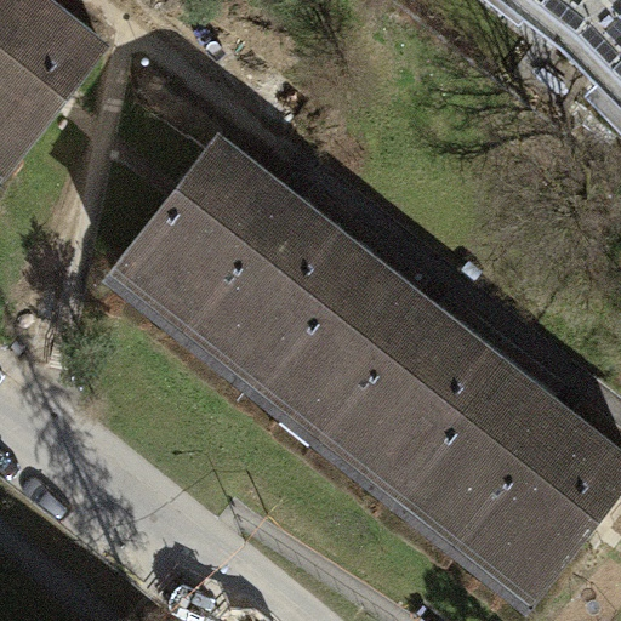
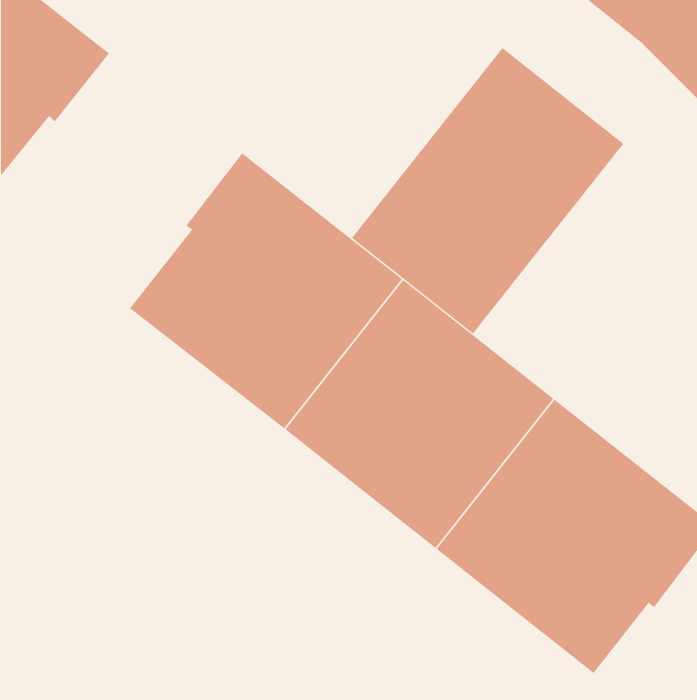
building: none -> [351,47,624,335]

